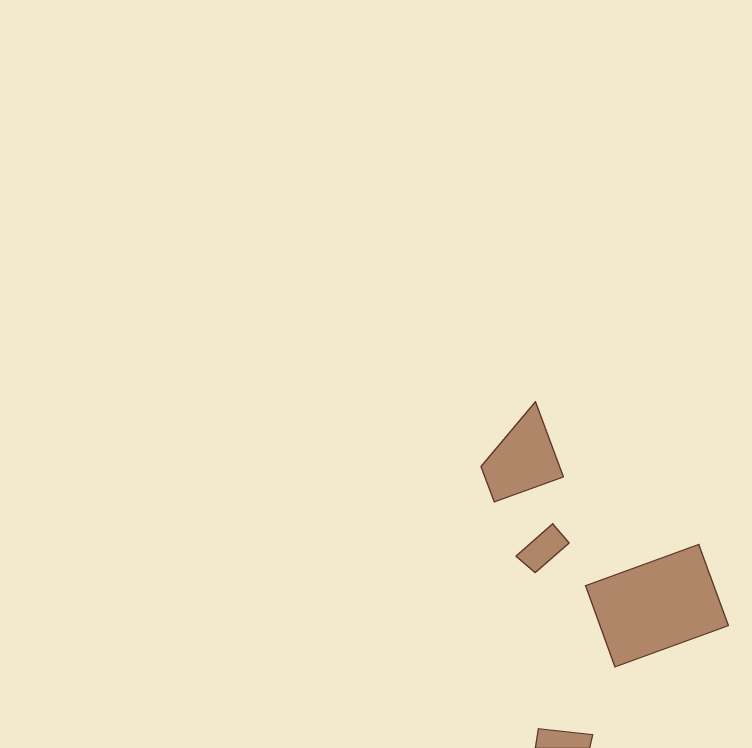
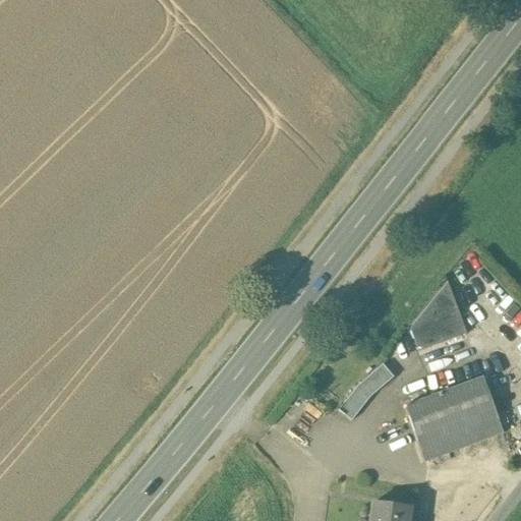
building: [481,402,563,502] -> [411,280,468,349]
building: none -> [338,384,370,418]

